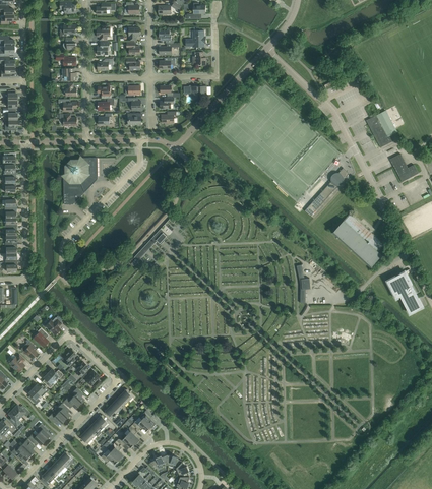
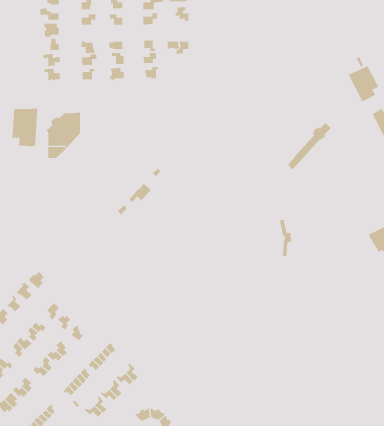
building: none -> [12,108,38,147]
building: [332,213,384,267] -> none

